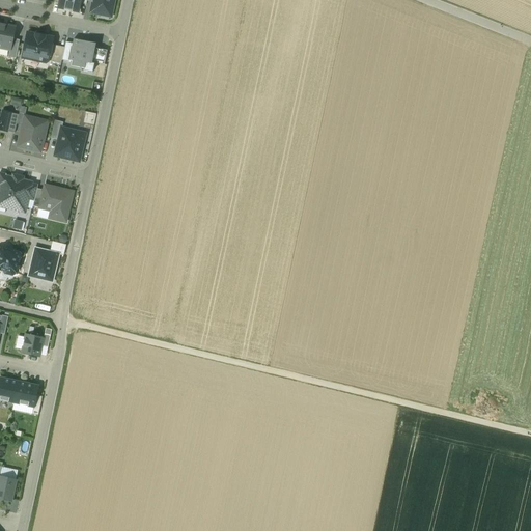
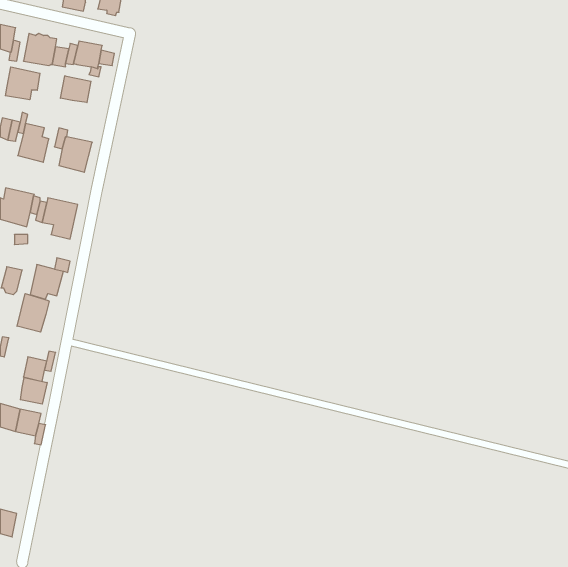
building: none -> [5,67,40,100]
building: none -> [60,76,91,103]
building: none -> [17,294,49,332]
building: none -> [20,378,47,404]

